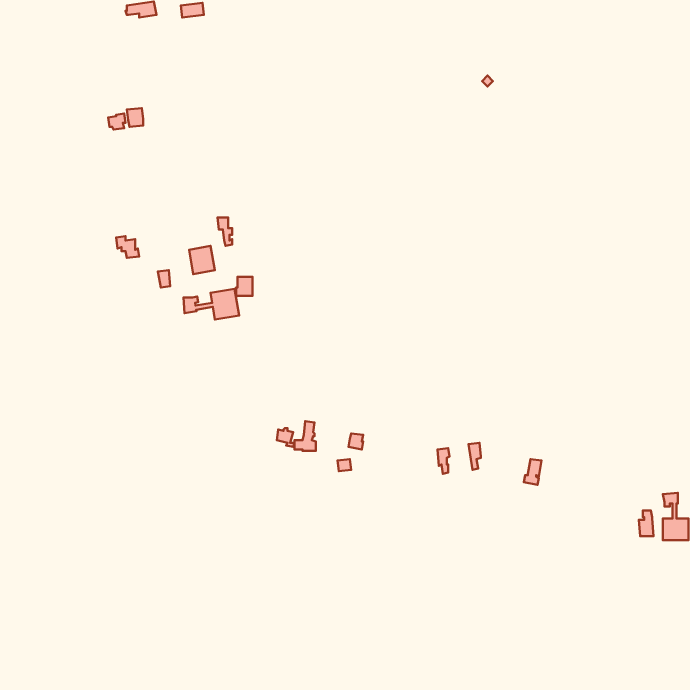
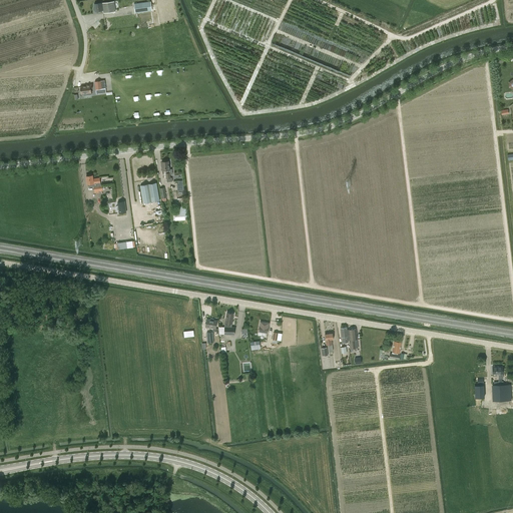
building: [183,289,239,320] -> none

